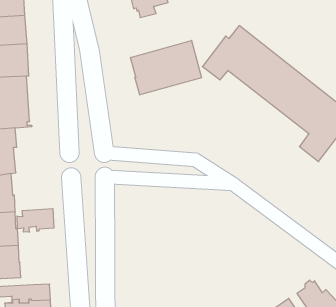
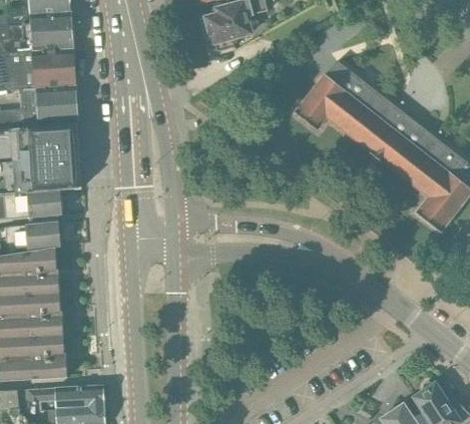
building: [131,40,202,95] -> none
building: [17,209,54,232] -> none

